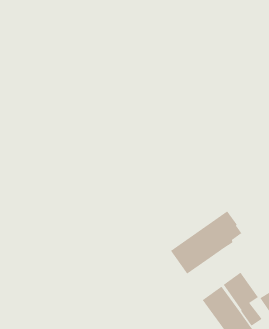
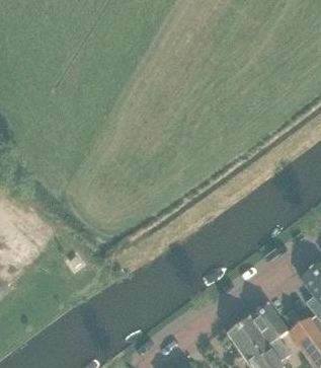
building: [170,210,242,275] -> none

